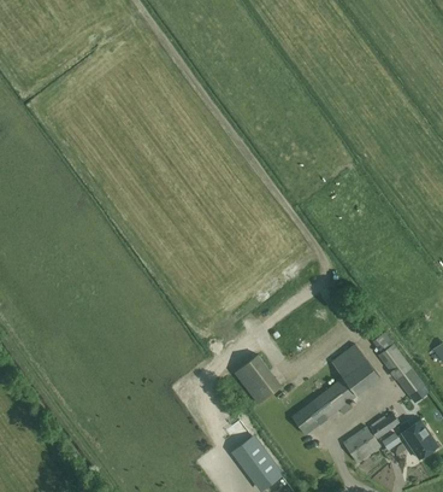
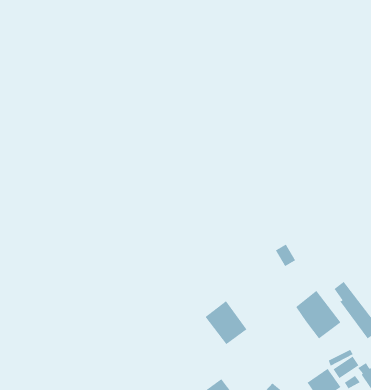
building: [291,377,356,435] -> none

